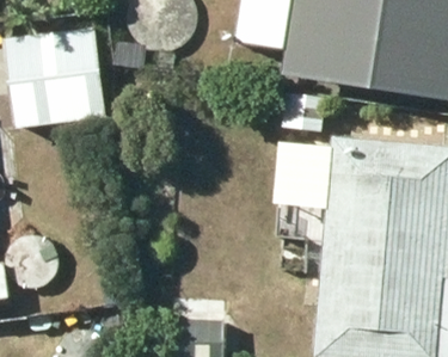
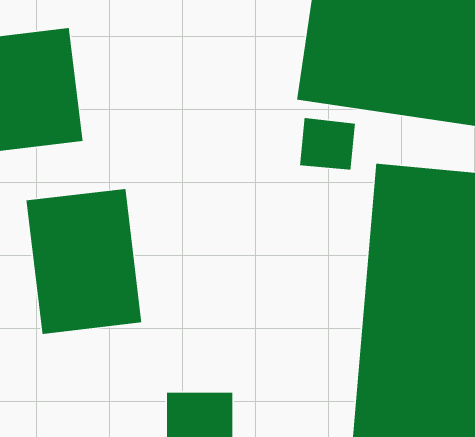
building: none -> [26,188,142,335]

